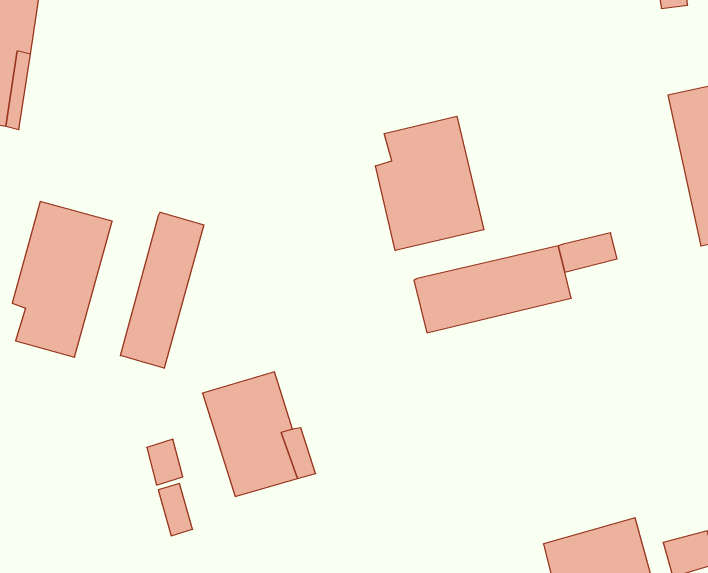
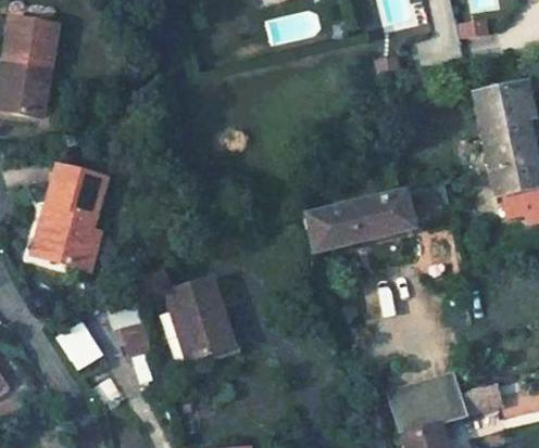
building: [375,116,484,251] -> none
building: [120,212,204,368] -> none
building: none -> [59,320,108,372]

